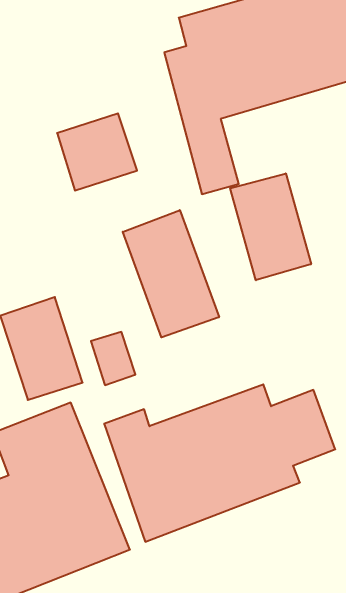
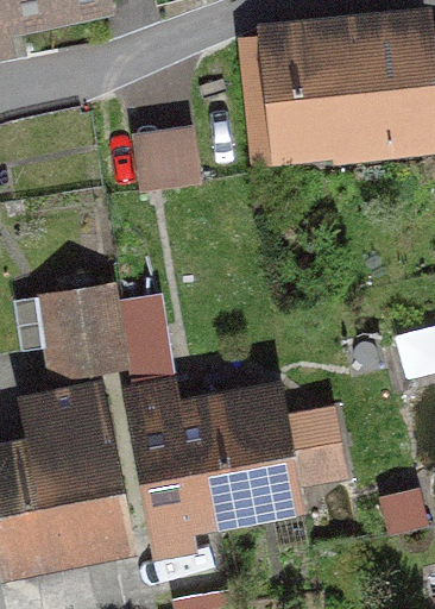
building: [230,173,311,280] -> none
building: [123,210,219,337] -> none

